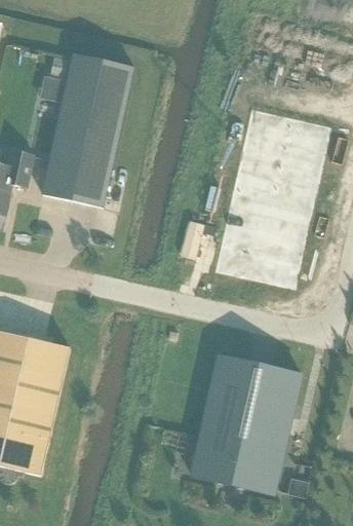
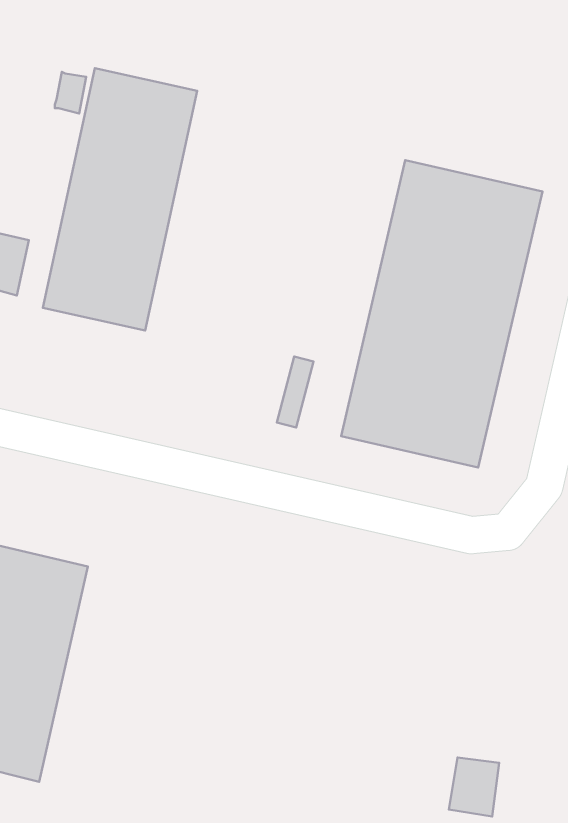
building: [191,353,300,494] -> none

